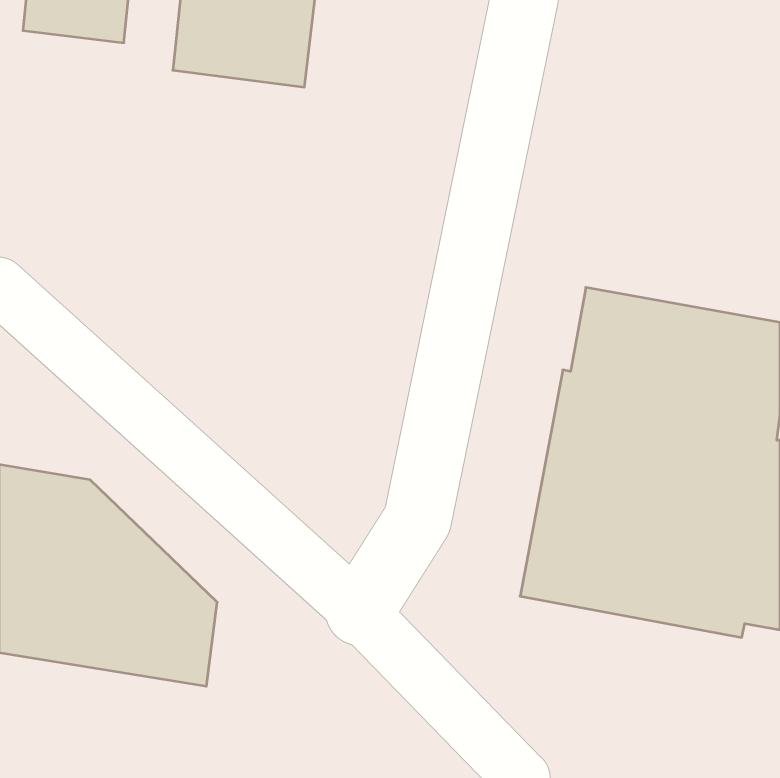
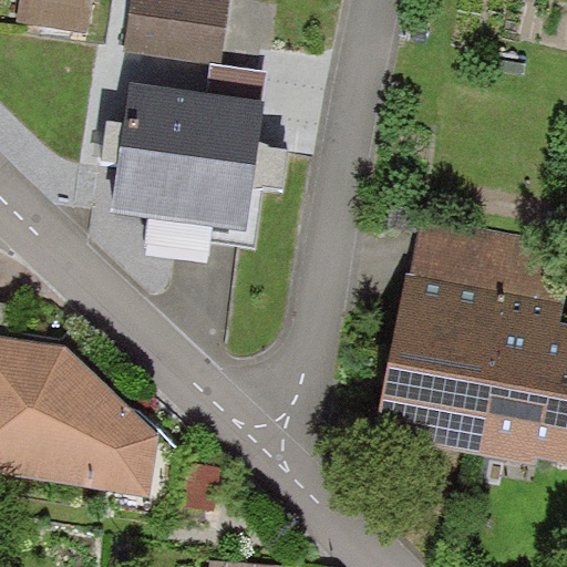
building: none -> [113,85,264,235]

